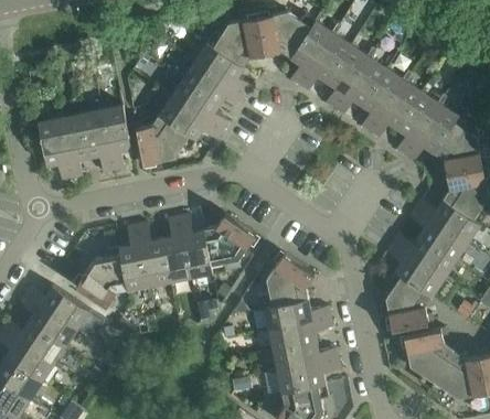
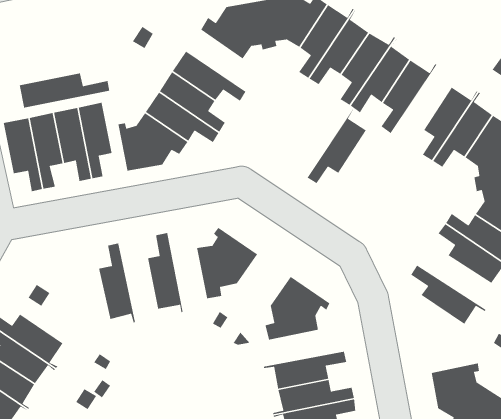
building: [194,43,252,96] -> none
building: [370,73,422,138] -> [306,108,367,184]
building: none -> [19,72,110,109]
building: [179,215,212,284] -> none
building: [137,223,170,293] -> none
building: [392,235,456,282] -> none
building: [76,247,129,309] -> none
building: [385,270,433,330] -> none
building: [259,300,330,331] -> none

